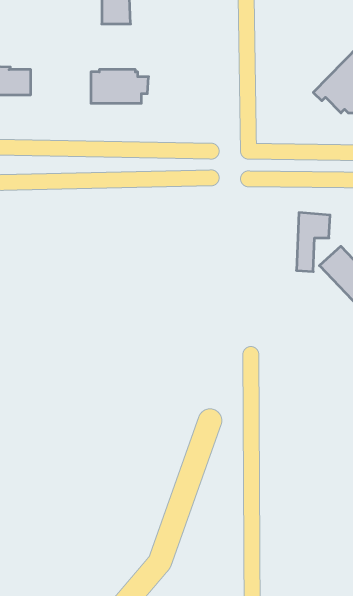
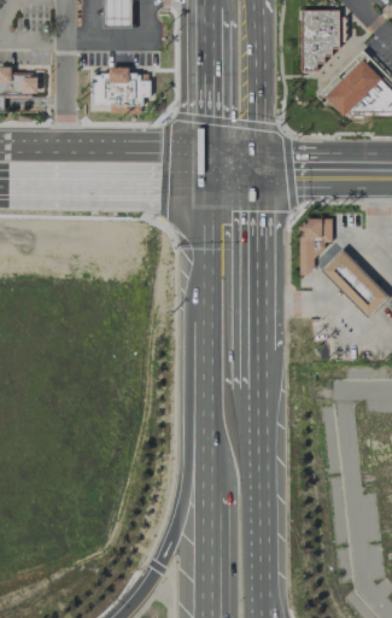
building: none -> [302,10,341,71]

